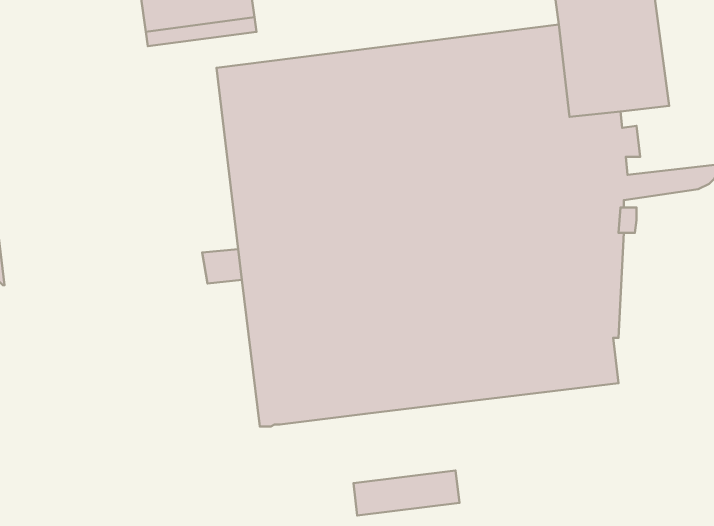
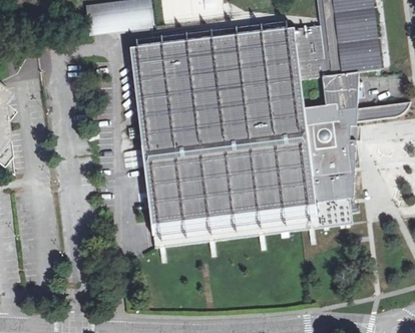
building: [354,470,459,515] -> none

